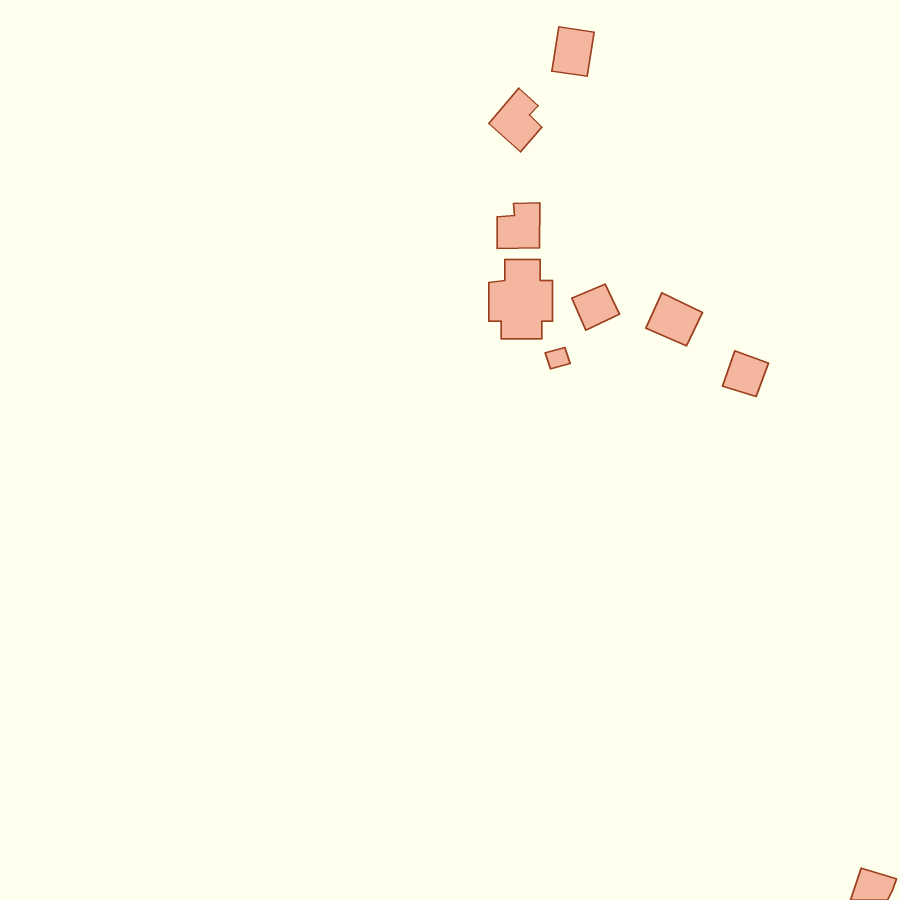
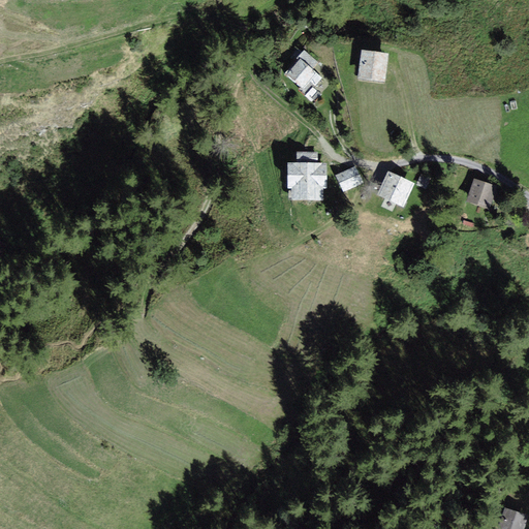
building: [552,27,594,76] -> [360,51,384,80]
building: [497,203,540,248] -> none
building: [723,351,768,397] -> [467,180,494,207]

